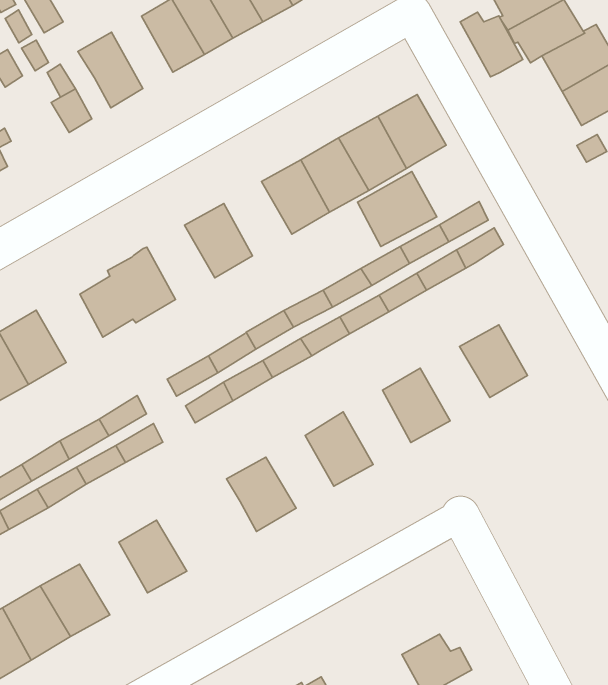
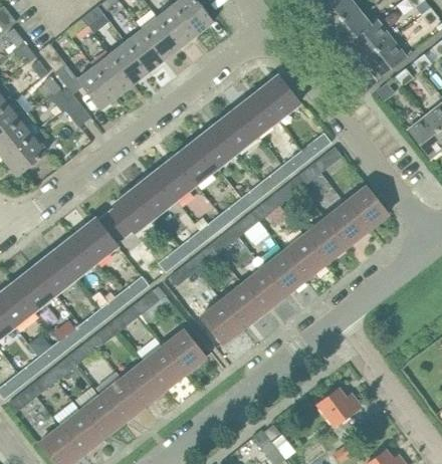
building: [460,12,523,77] -> none
building: none -> [94,53,134,95]
building: [357,172,437,246] -> none
building: none -> [175,140,217,184]
building: none -> [134,172,176,216]
building: none -> [74,218,118,262]
building: none -> [346,186,388,230]
building: none -> [303,219,347,263]
building: none -> [262,251,304,295]
building: none -> [221,284,263,327]
building: none -> [163,330,205,374]
building: none -> [122,363,164,406]

